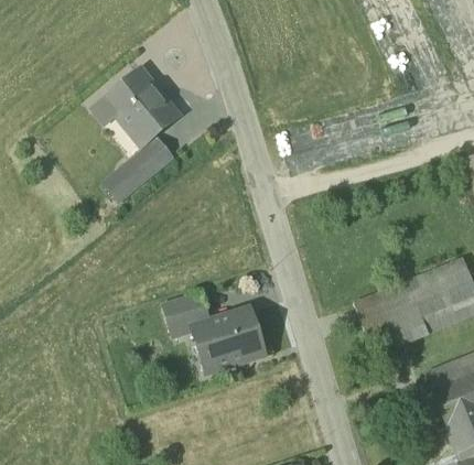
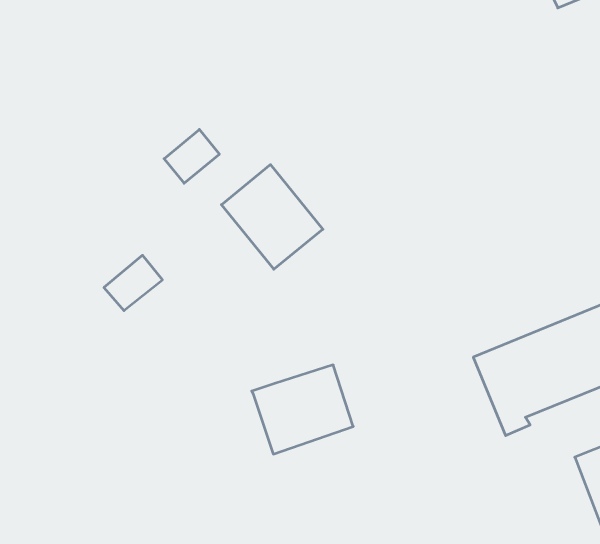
building: [104,69,176,144] -> [221,165,323,269]
building: [104,160,146,199] -> [104,255,162,311]
building: [165,290,211,334] -> none

